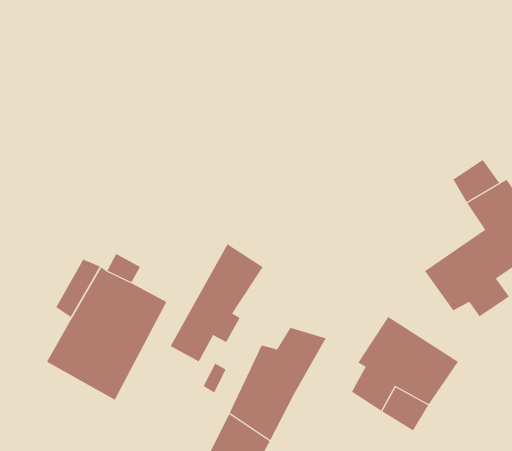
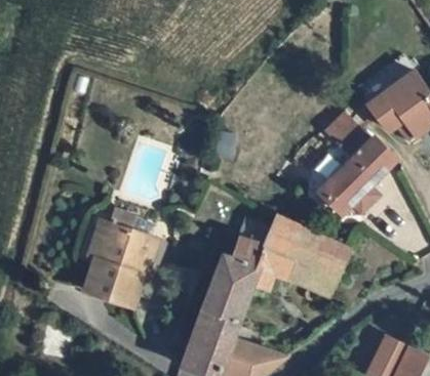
building: [170,243,263,362] -> [248,213,300,292]

